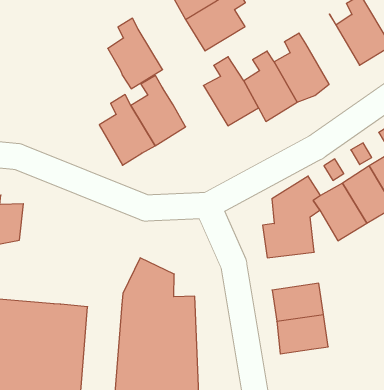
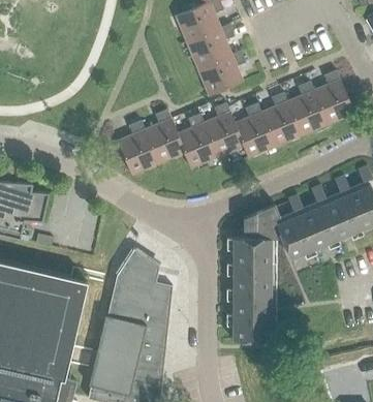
building: none -> [287,81,327,135]
building: [108,18,163,89] -> [177,113,217,167]
building: none -> [232,264,270,289]

